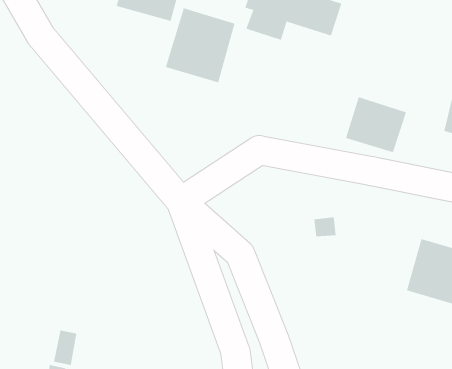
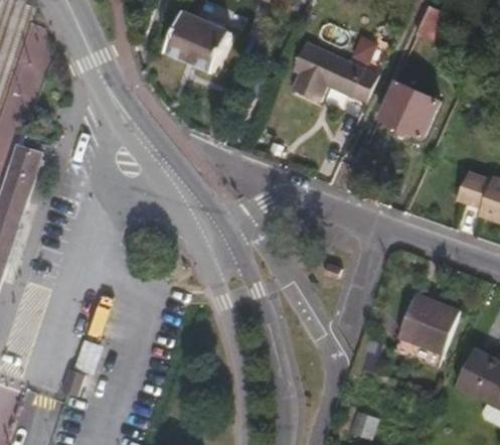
building: [165,7,235,83] -> none
building: [345,96,407,153] -> [376,81,435,135]

